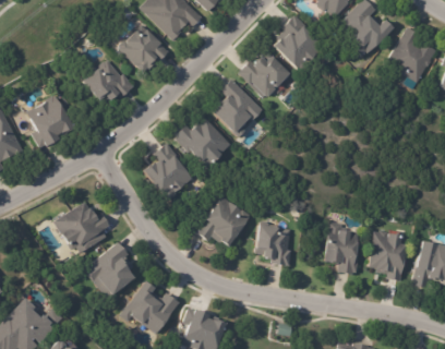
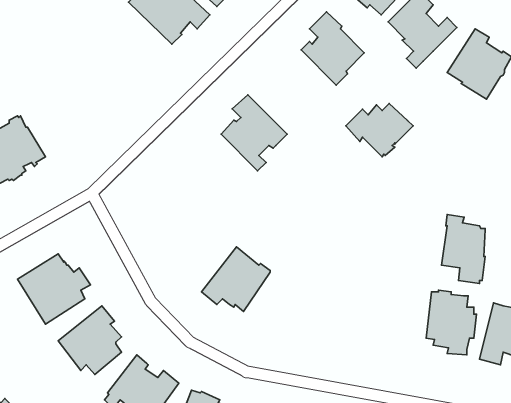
building: [119,28,169,72] -> none
building: [239,55,291,96] -> [346,103,413,157]
building: [83,60,134,103] -> none
building: [176,117,231,167] -> none
building: [144,142,193,201] -> none
building: [325,221,359,275] -> [442,214,485,283]
building: [256,224,292,265] -> none

